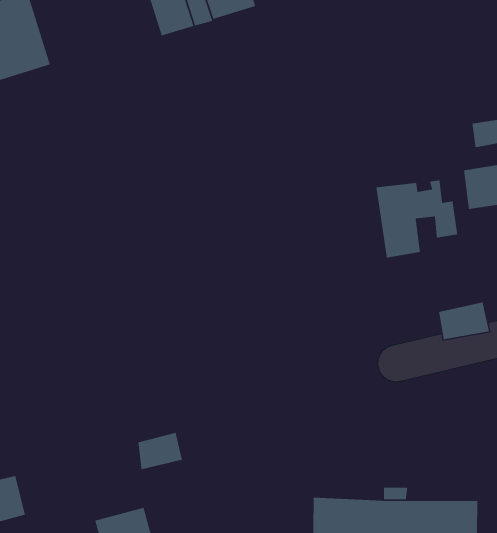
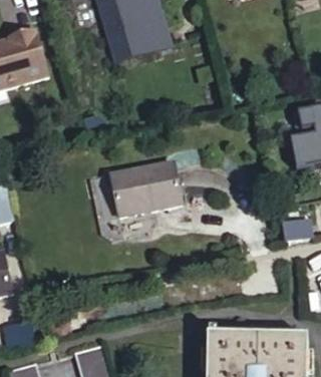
building: [376,179,458,258] -> none
building: none -> [111,161,183,217]

